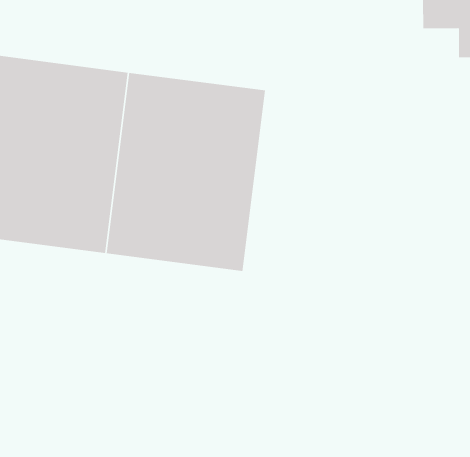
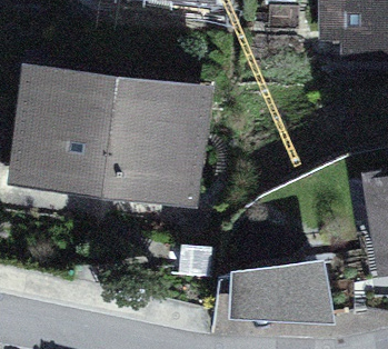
building: none -> [229,257,336,325]

